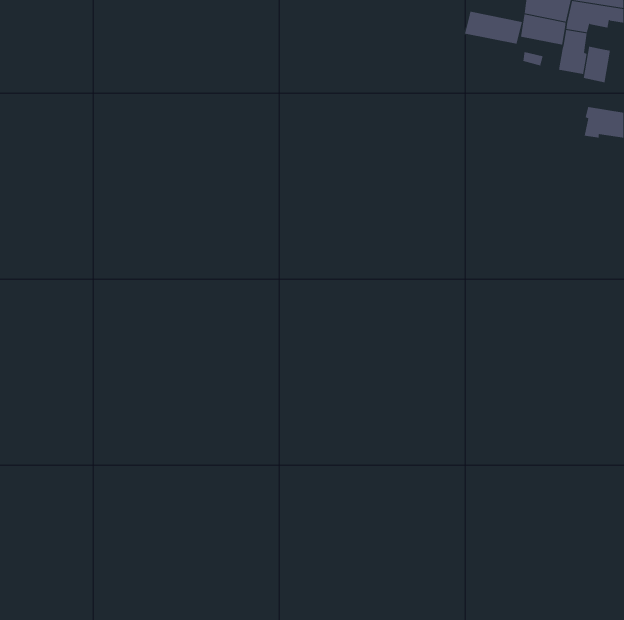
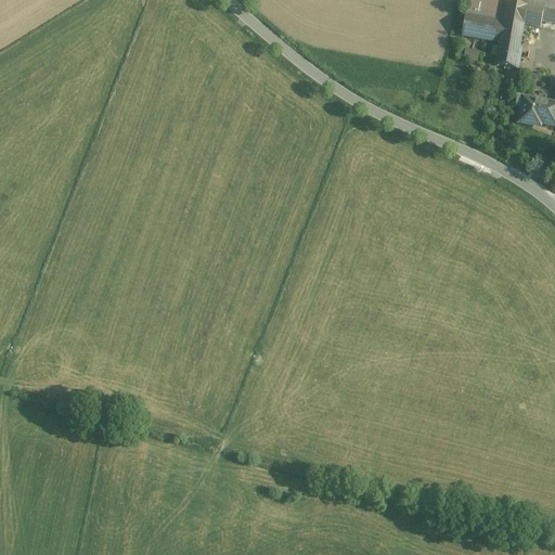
building: [464,11,523,45] -> none
building: [583,46,611,83] -> none

